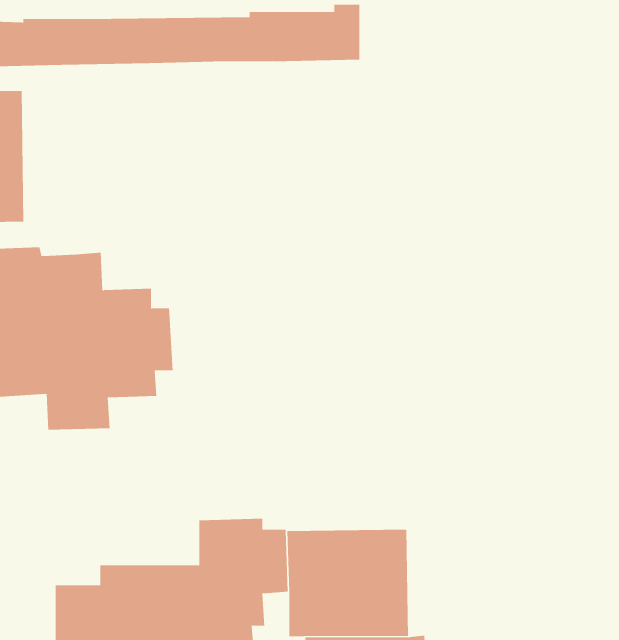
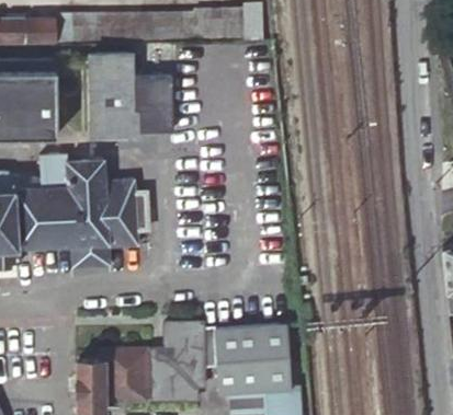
building: none -> [89,55,172,136]

